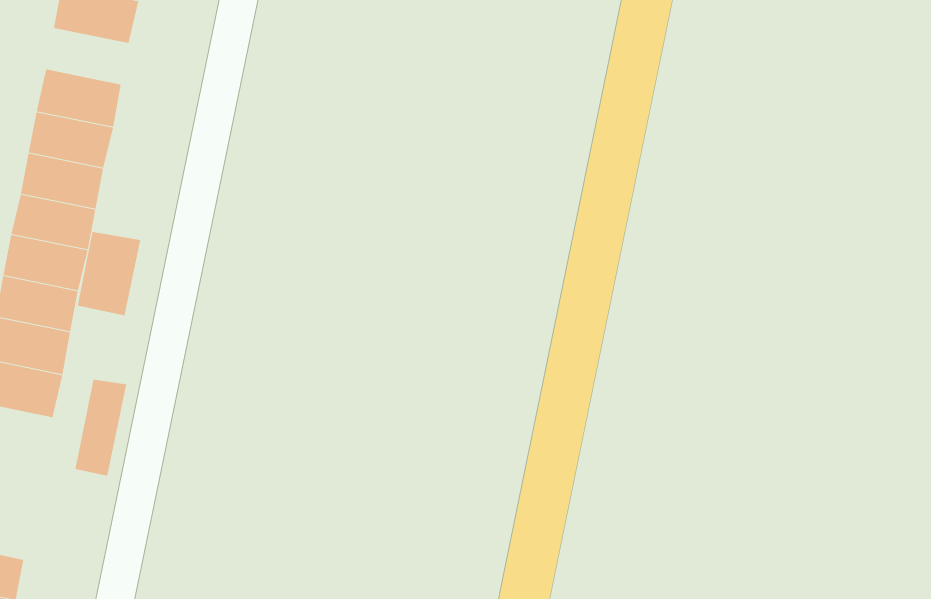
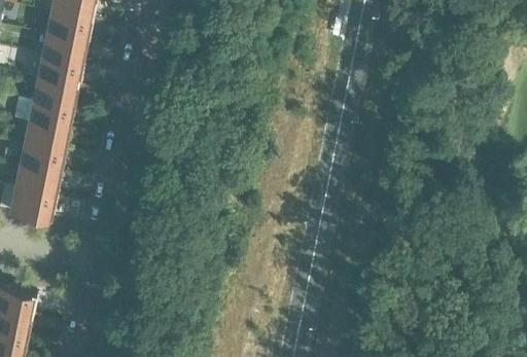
building: none -> [44,19,89,48]
building: [77,231,141,316] -> none
building: [75,379,127,477] -> none

